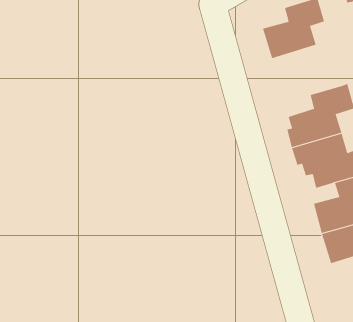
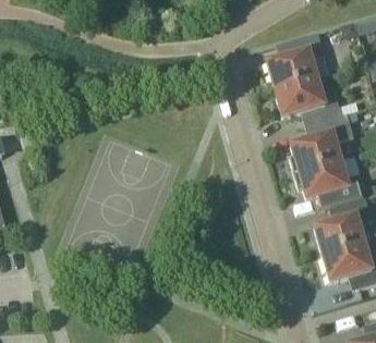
building: none -> [275,75,341,122]

